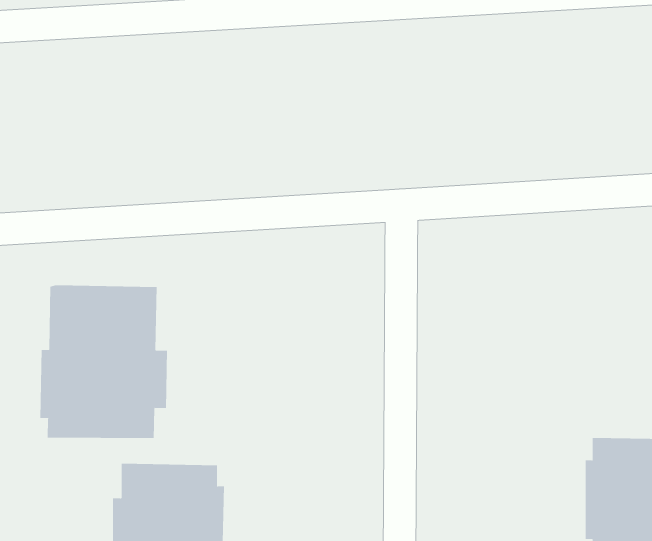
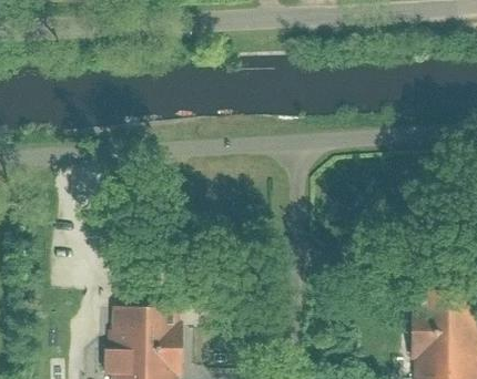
building: [40,285,167,439] -> none

